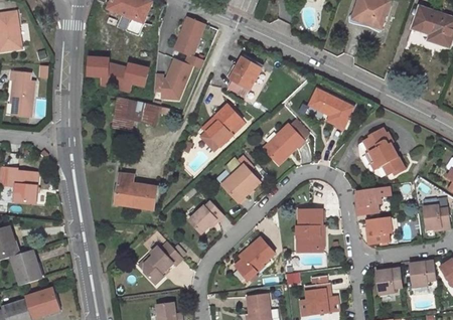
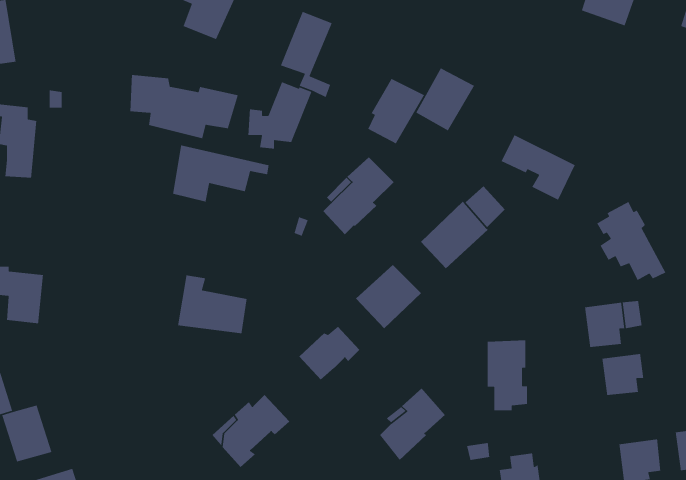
building: none -> [415,67,475,132]

